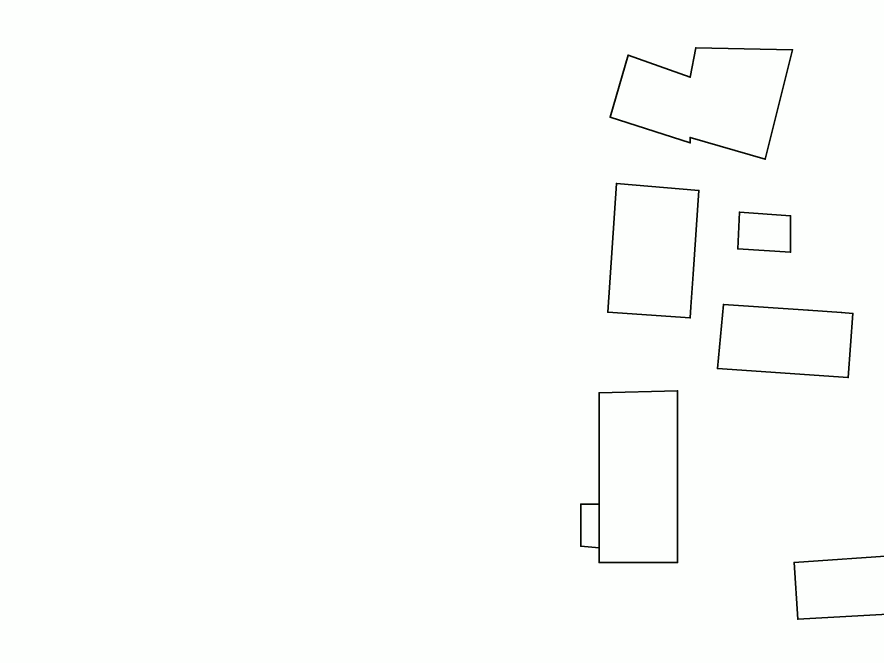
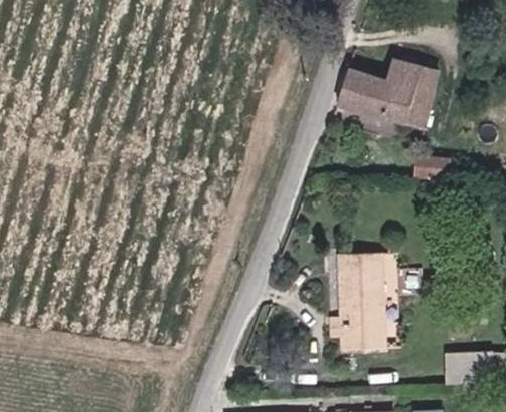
building: [608,183,699,318] -> none
building: [718,304,853,377] -> none

